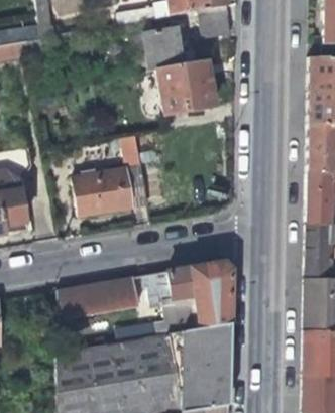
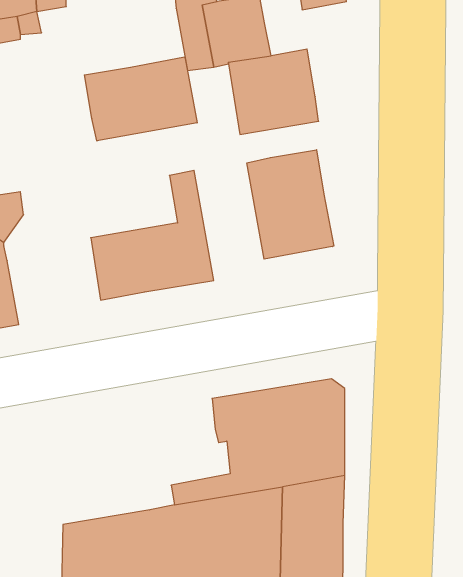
building: none -> [84,57,197,141]
building: none -> [247,150,334,259]
building: [58,278,139,321] -> none

